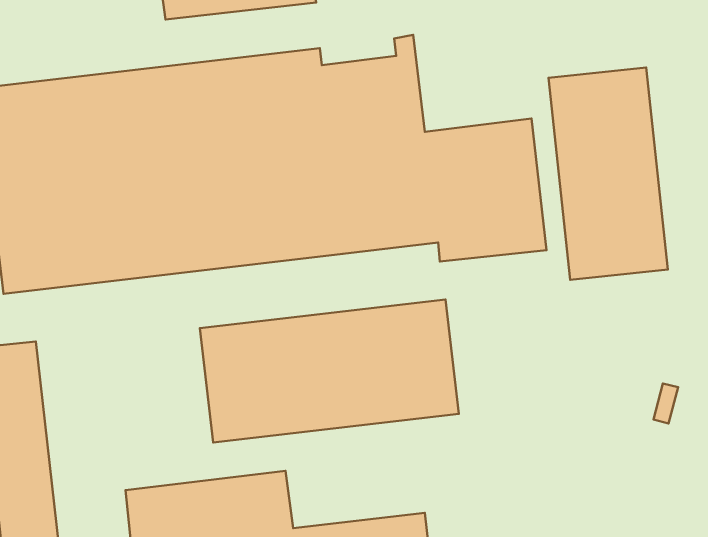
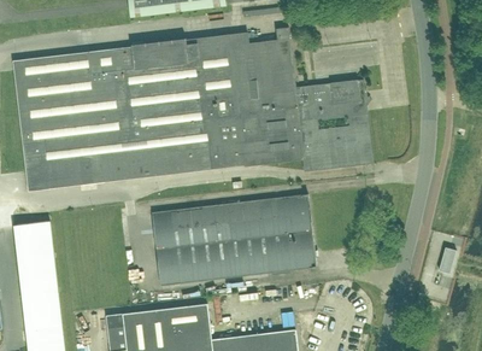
building: [548,67,668,280] -> none

